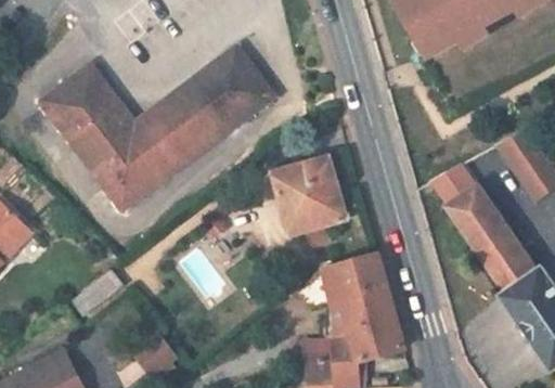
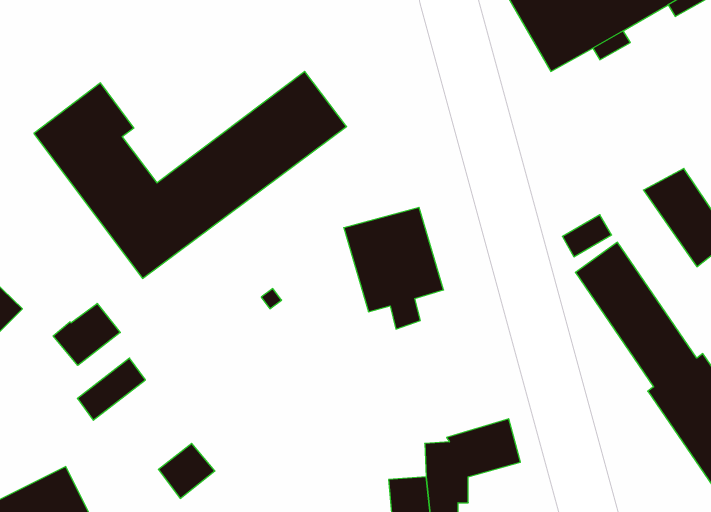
building: [105,47,242,139] -> none
building: none -> [53,303,120,365]
building: [294,253,395,334] -> none

